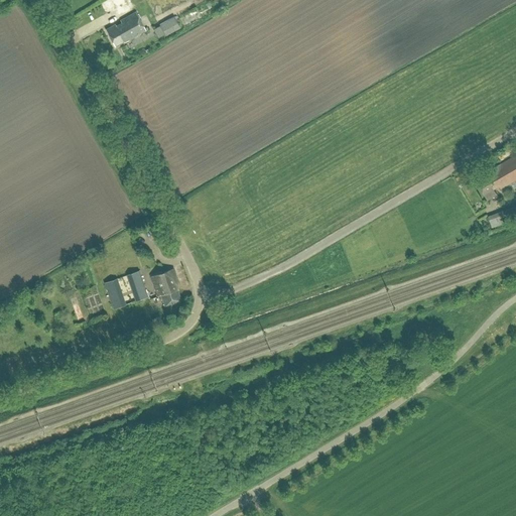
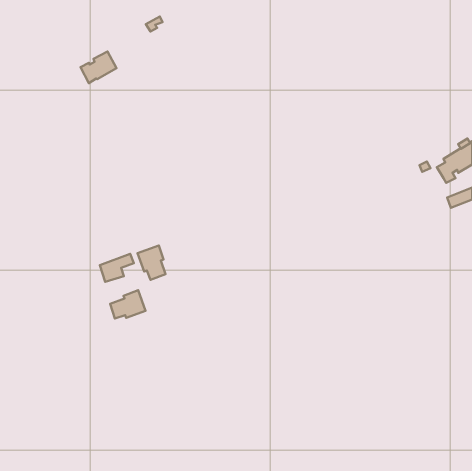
building: [106,13,145,47] -> [81,52,117,83]
building: none -> [110,290,146,318]

